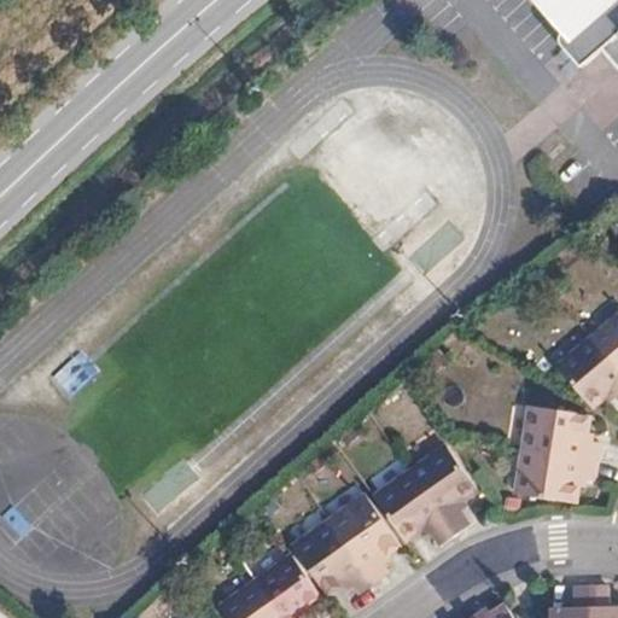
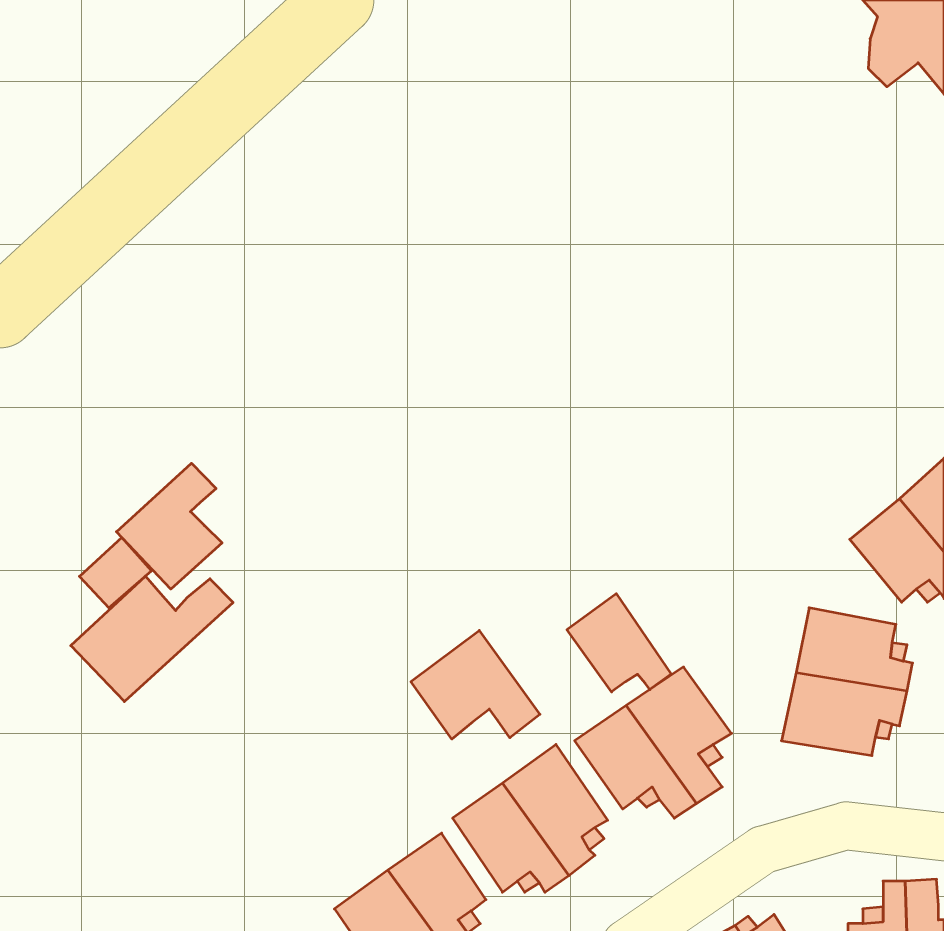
building: none -> [116,463,222,589]
building: none -> [71,576,233,702]
building: none -> [567,594,671,692]
building: none -> [411,630,540,739]

